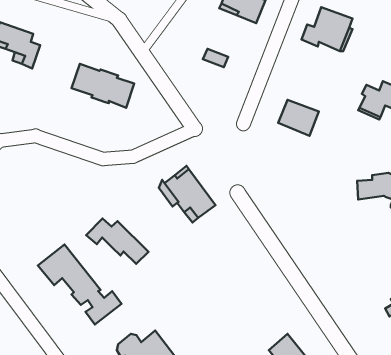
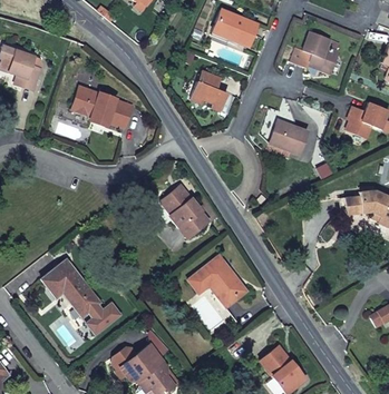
building: none -> [191,81,228,111]
building: [86,218,148,264] -> none
building: none -> [188,256,247,308]

